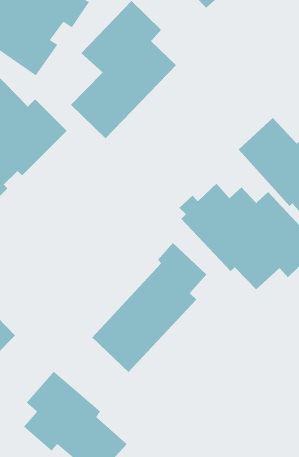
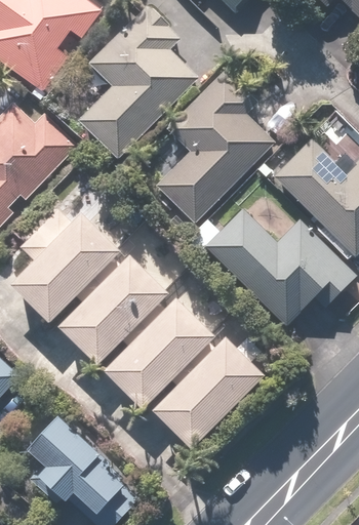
building: none -> [155,70,272,221]
building: none -> [13,195,137,321]
building: none -> [62,233,185,364]
building: none -> [157,321,268,447]

